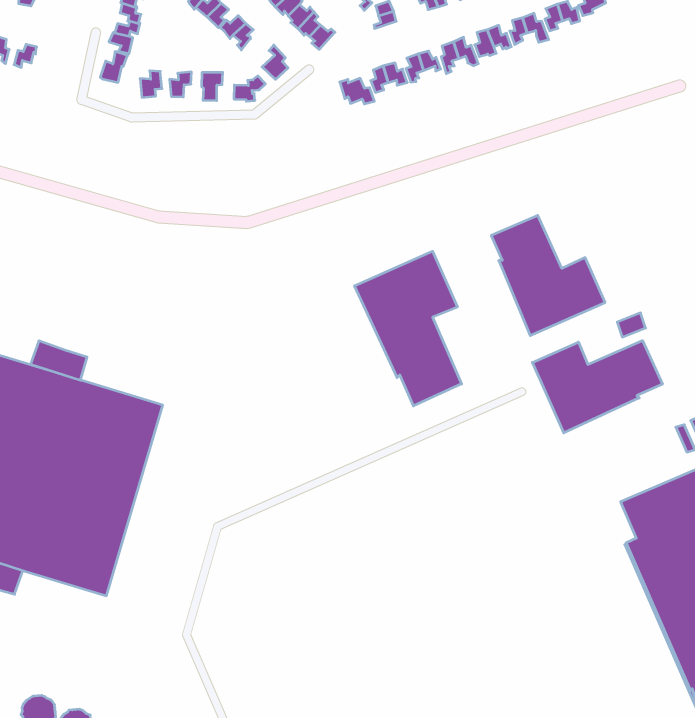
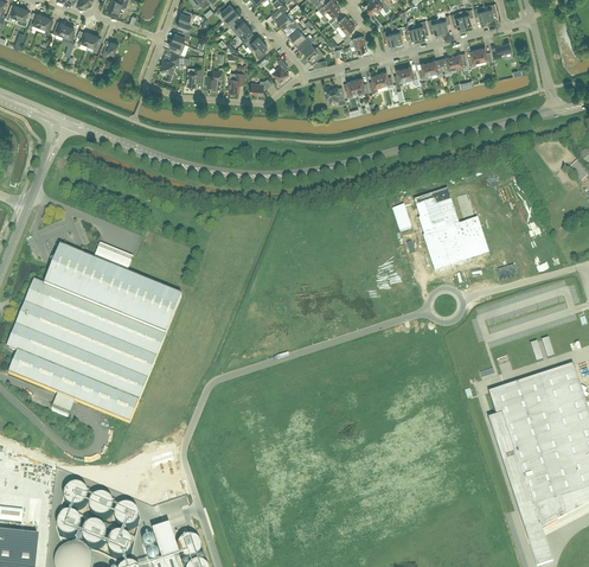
building: [355,251,462,406] -> none
building: [532,341,662,433] -> none

